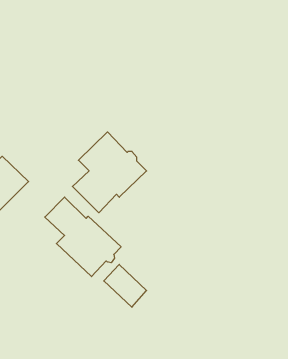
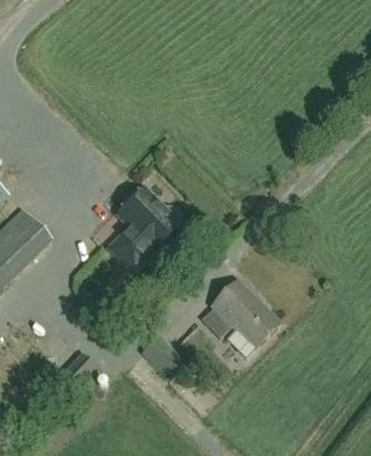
building: [45,197,121,277] -> none
building: none -> [200,281,280,349]

